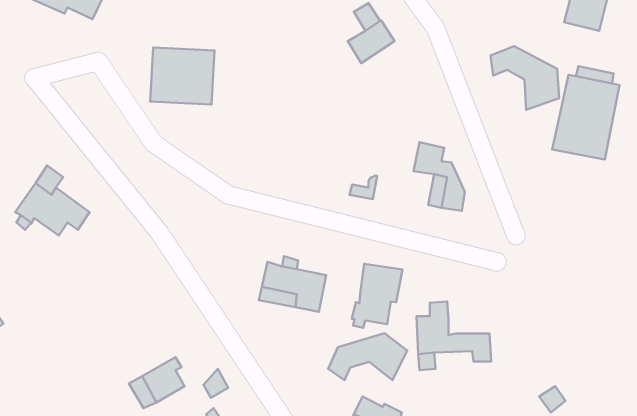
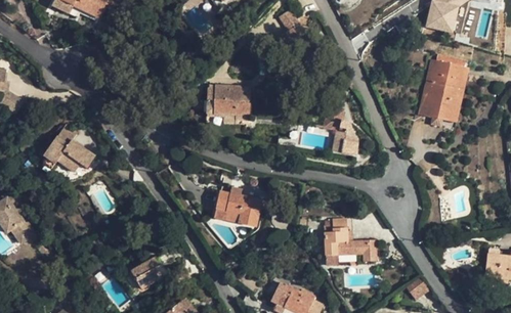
building: [491,46,559,110] -> none
building: [150,48,214,105] -> [206,84,251,124]
building: [352,264,402,328] -> none
building: [328,333,407,380] -> none

